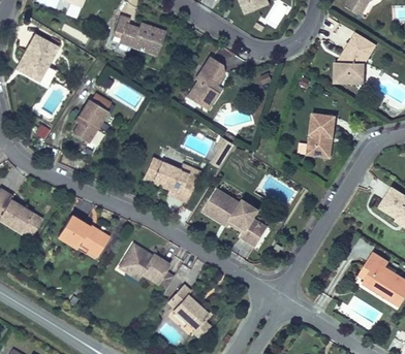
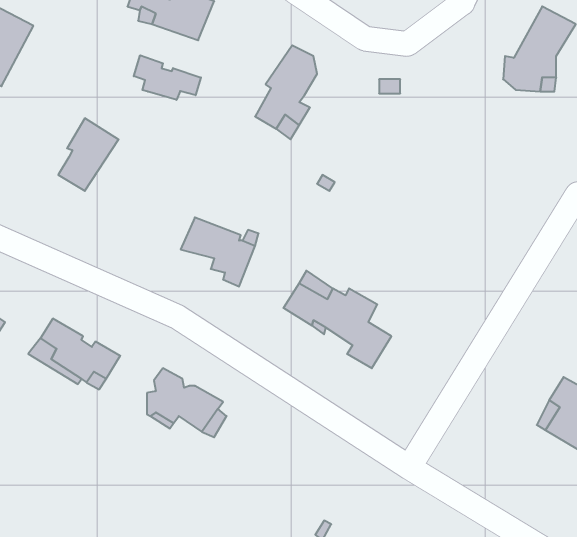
building: none -> [134,55,201,100]
building: [307,116,334,157] -> none
building: [168,286,210,337] -> none

